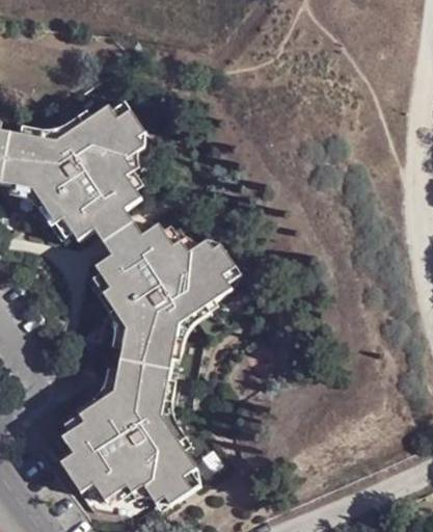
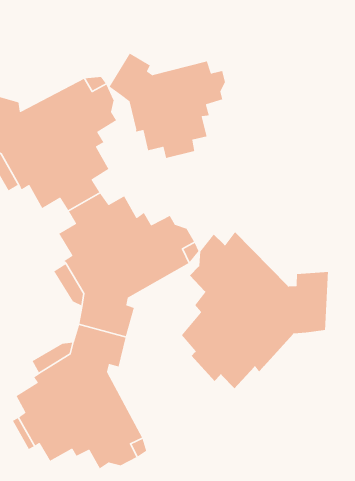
building: none -> [108,53,226,159]
building: none -> [181,231,329,389]

